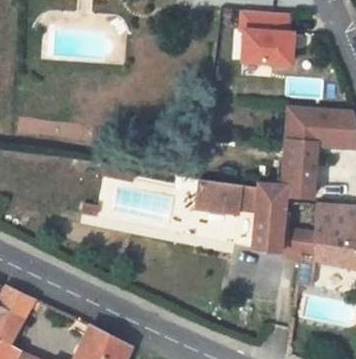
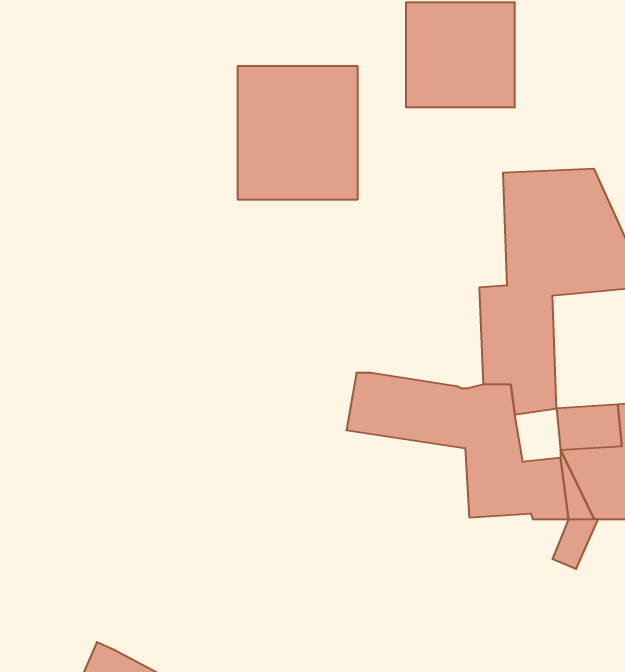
building: none -> [238,66,357,200]

